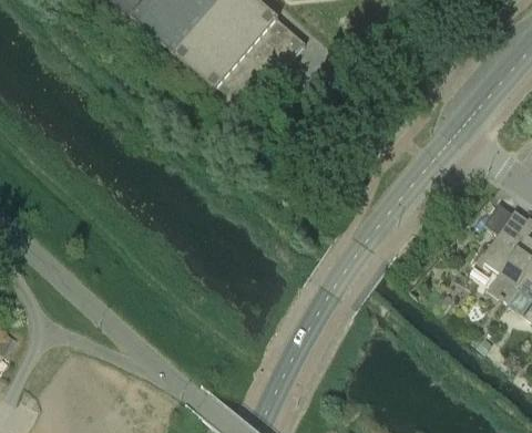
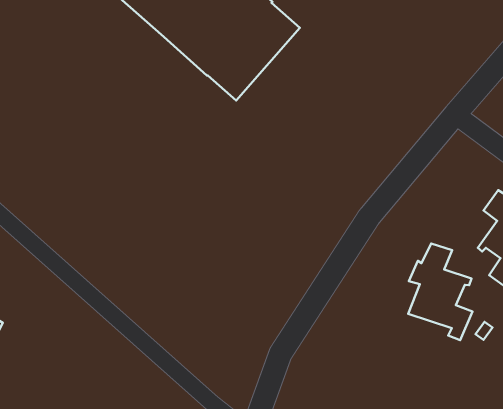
building: none -> [408,244,472,340]

